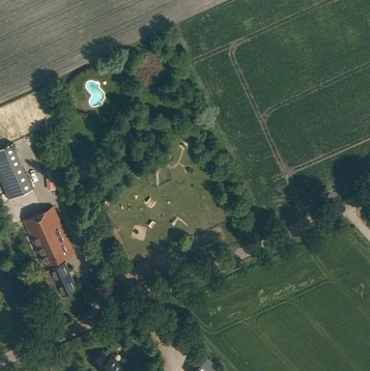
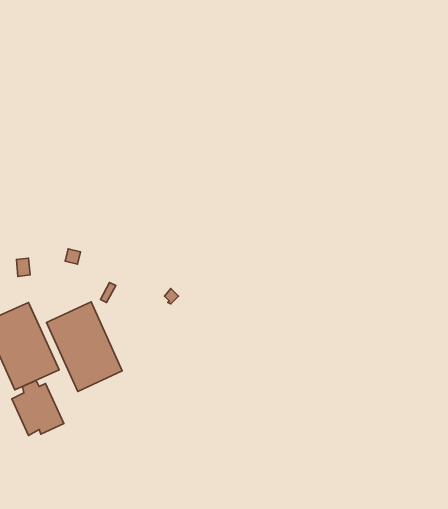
building: none -> [46,302,122,391]

